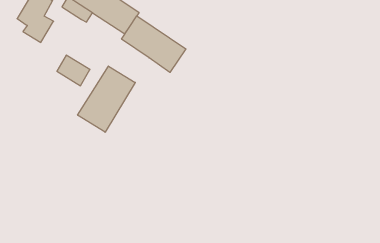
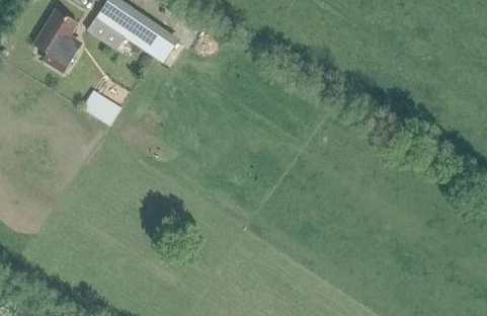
building: [122,16,186,72] -> none
building: [78,66,135,132] -> none

